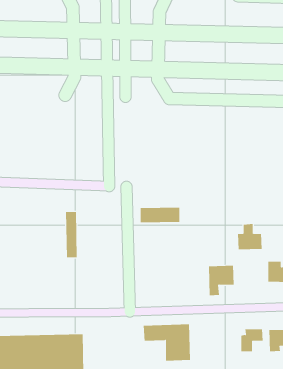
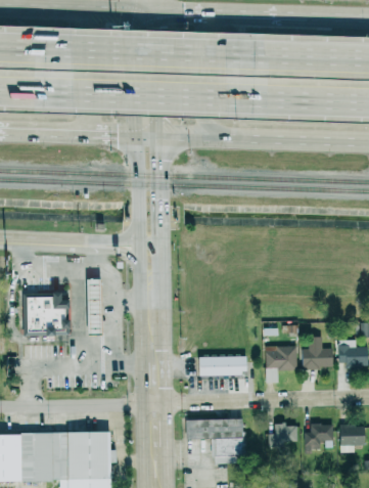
building: [140,207,180,223] -> [197,356,247,375]
building: none -> [25,294,71,337]
building: [237,224,263,250] -> [302,337,333,369]
building: none -> [269,423,296,443]

